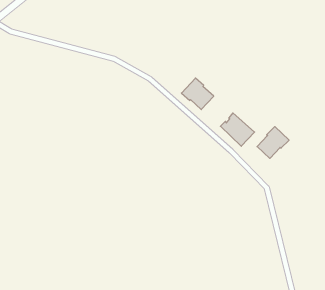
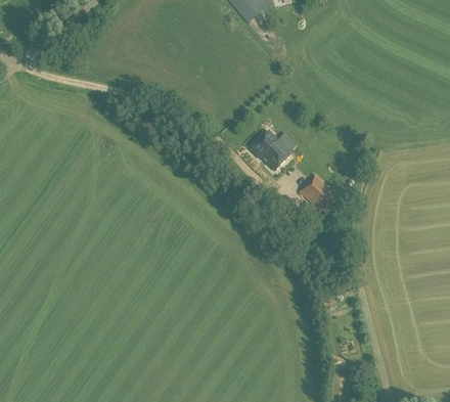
building: [257,127,289,158] -> none

